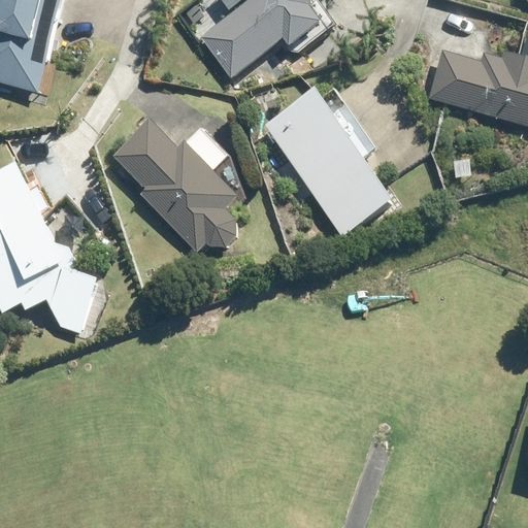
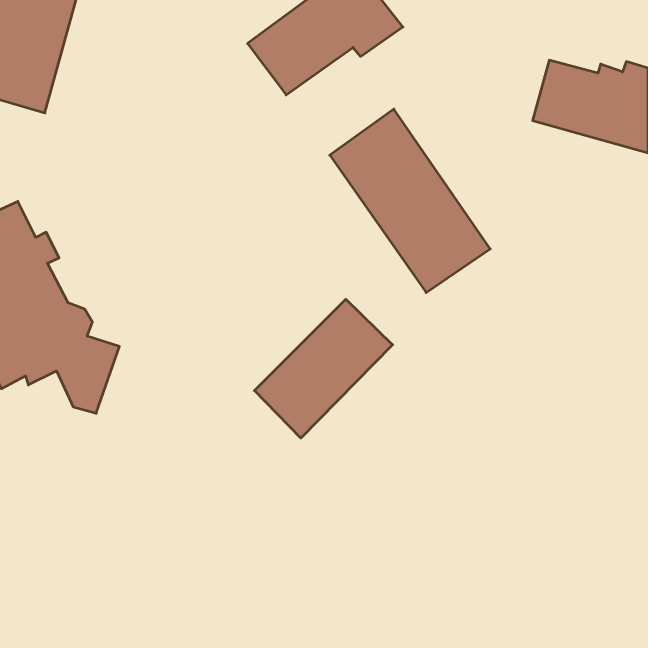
building: [113,120,238,250] -> none
building: none -> [254,299,393,438]

